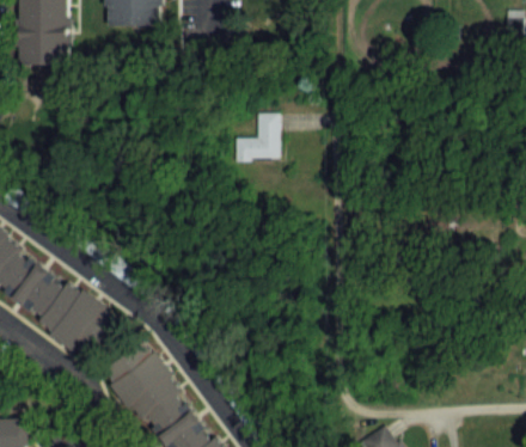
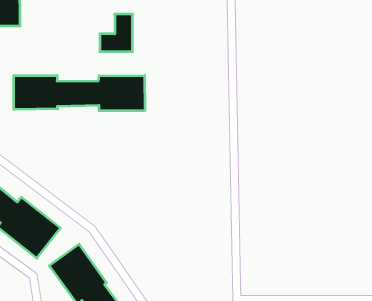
building: [237,114,279,161] -> [100,14,133,52]
building: none -> [14,75,145,111]

